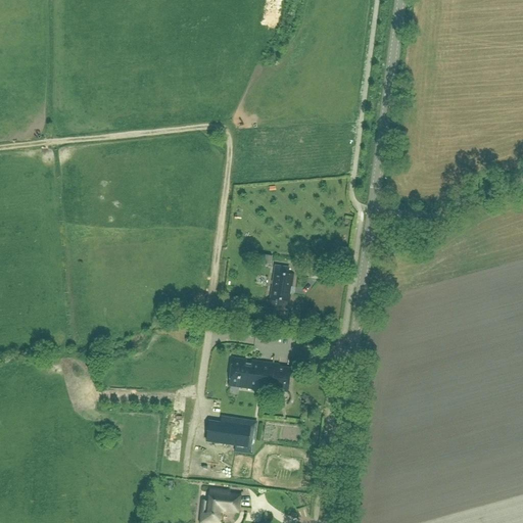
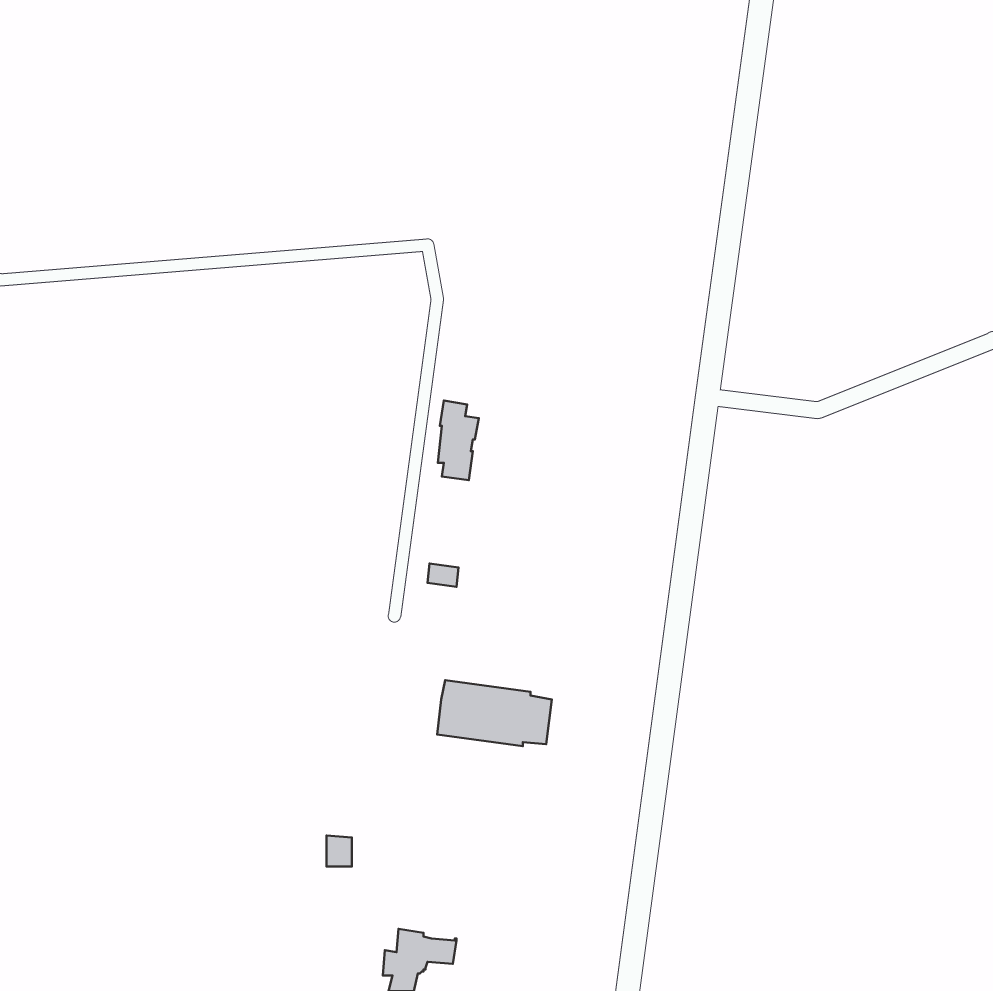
building: [272,266,293,307] -> [438,401,479,480]
building: [205,420,249,446] -> none

